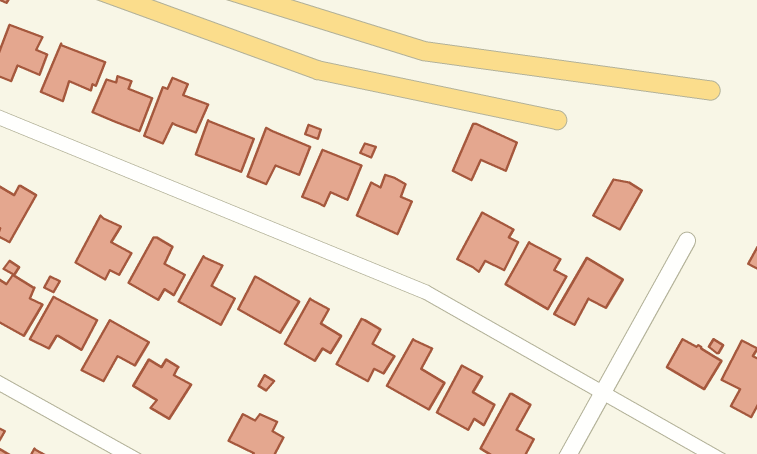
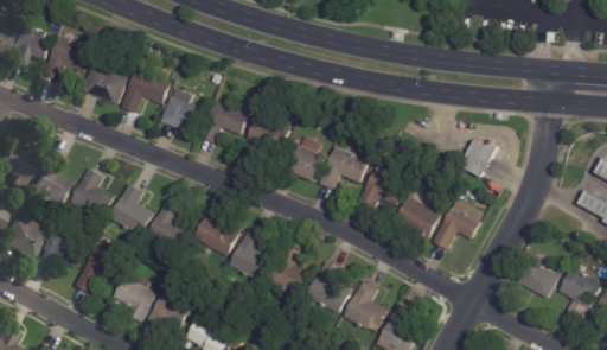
building: [453,124,517,180] -> [319,146,368,189]
building: none -> [26,151,71,209]
building: none -> [143,287,187,332]

